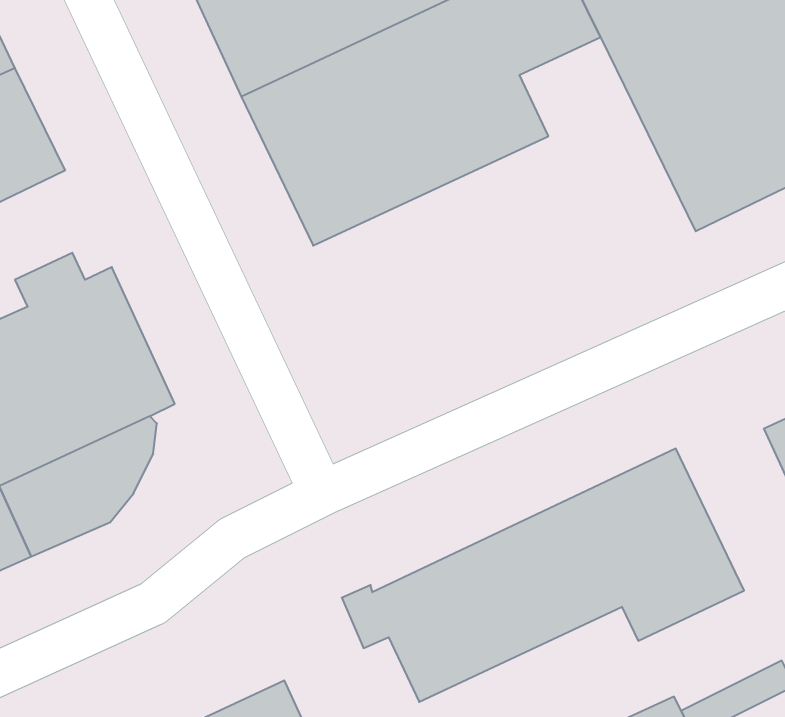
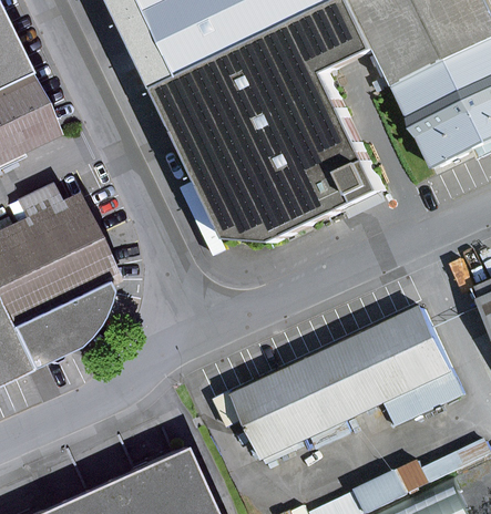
building: none -> [197,111,380,241]

